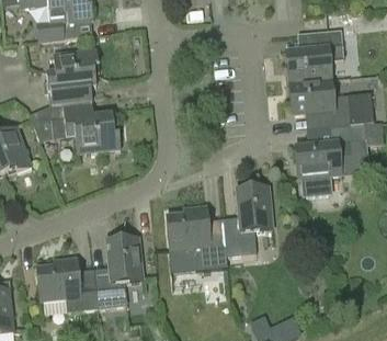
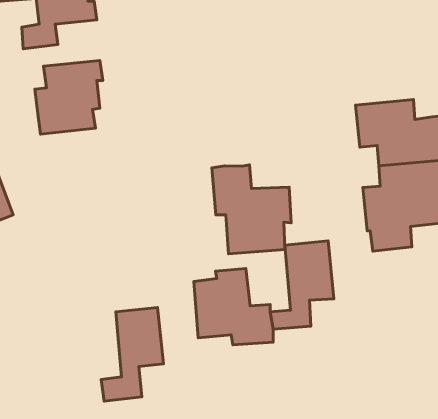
building: [286,27,344,83] -> none
building: [50,101,119,152] -> none
building: none -> [212,165,291,254]
building: [37,258,99,311] -> none

